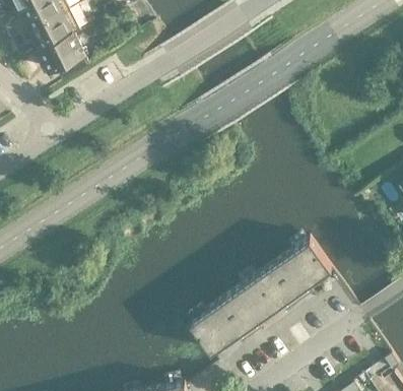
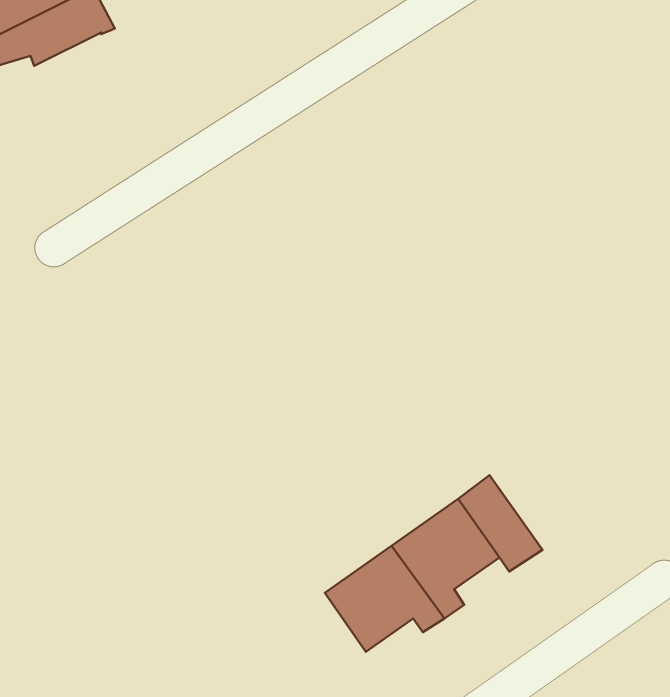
building: [39,34,89,73] -> none
building: [274,239,331,302] -> none

